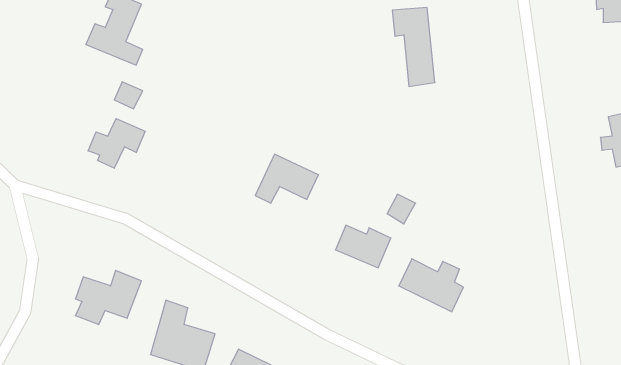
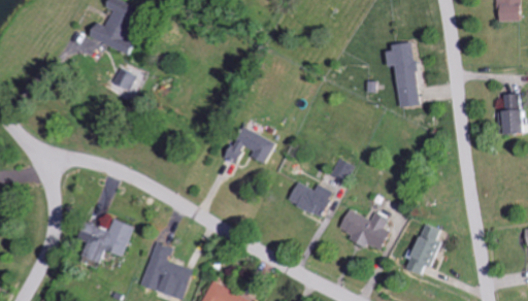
building: [392,8,435,86] -> [386,44,420,107]
building: [88,119,145,168] -> none
building: none -> [406,224,440,274]

